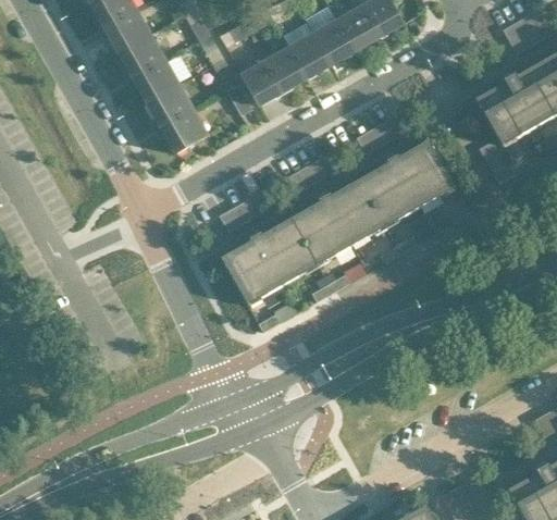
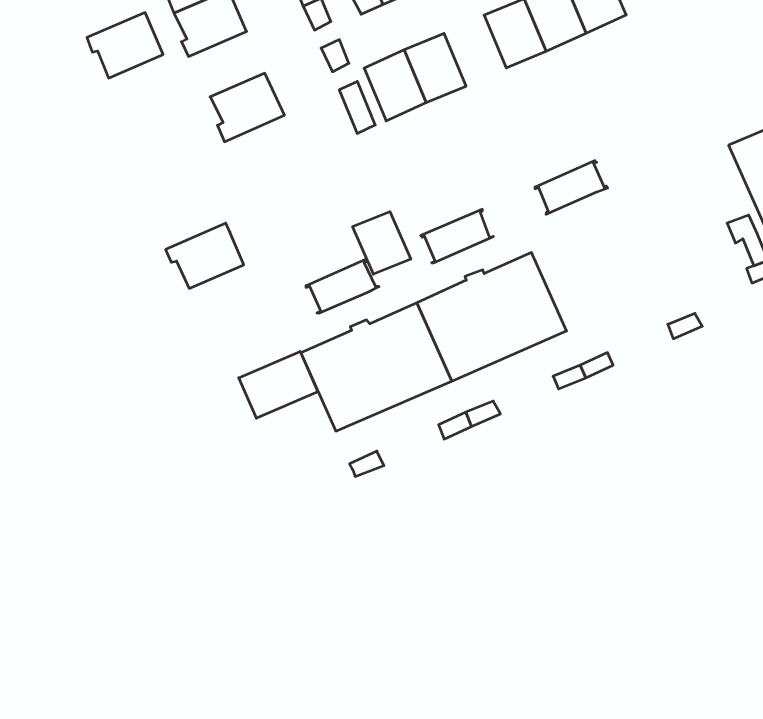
building: [288,34,330,79] -> none
building: [129,60,178,103] -> [87,13,163,78]
building: [158,110,208,153] -> [166,223,244,288]
building: [358,140,454,226] -> none
building: none -> [353,212,411,274]
building: none -> [239,351,318,418]

